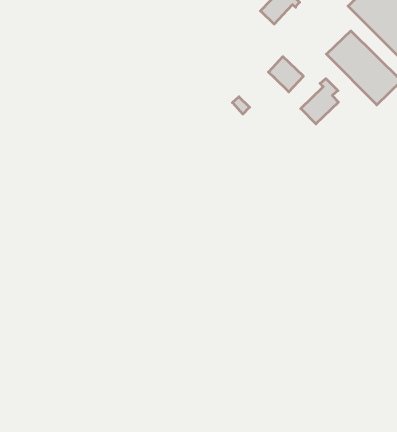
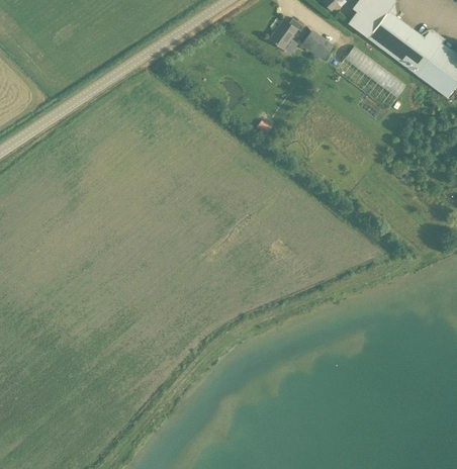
building: [268,57,303,92] -> [300,29,333,61]
building: [301,79,338,124] -> none

